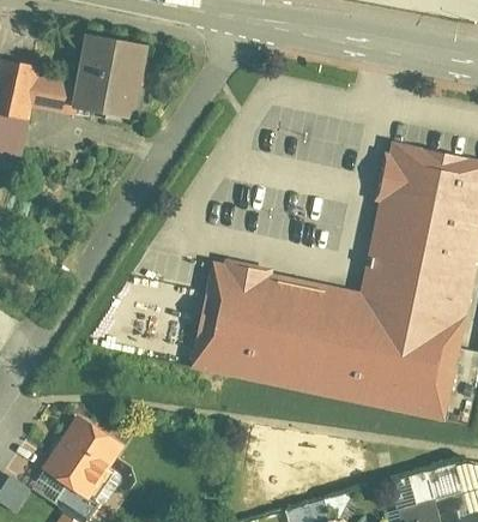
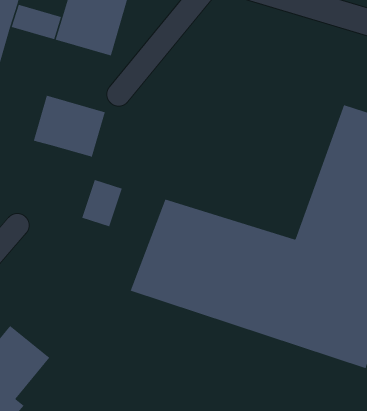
building: none -> [33,95,105,158]
building: none -> [82,179,122,227]

